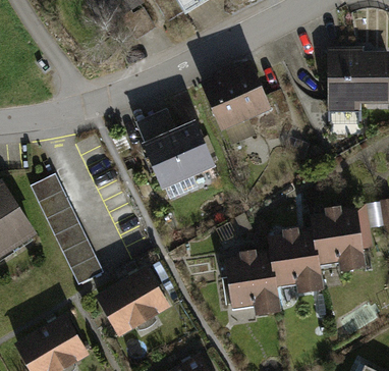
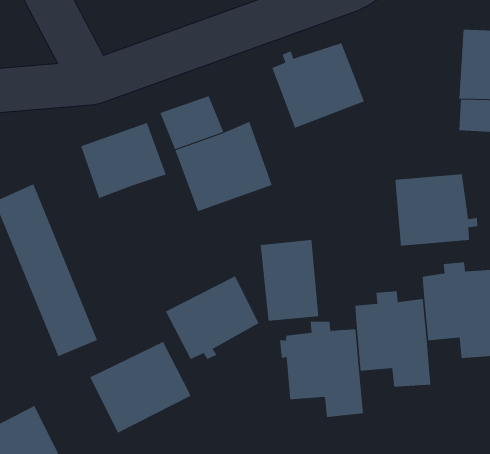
building: none -> [80,122,167,199]
building: none -> [395,174,478,247]
building: none -> [260,239,319,321]
building: none -> [165,275,259,360]

